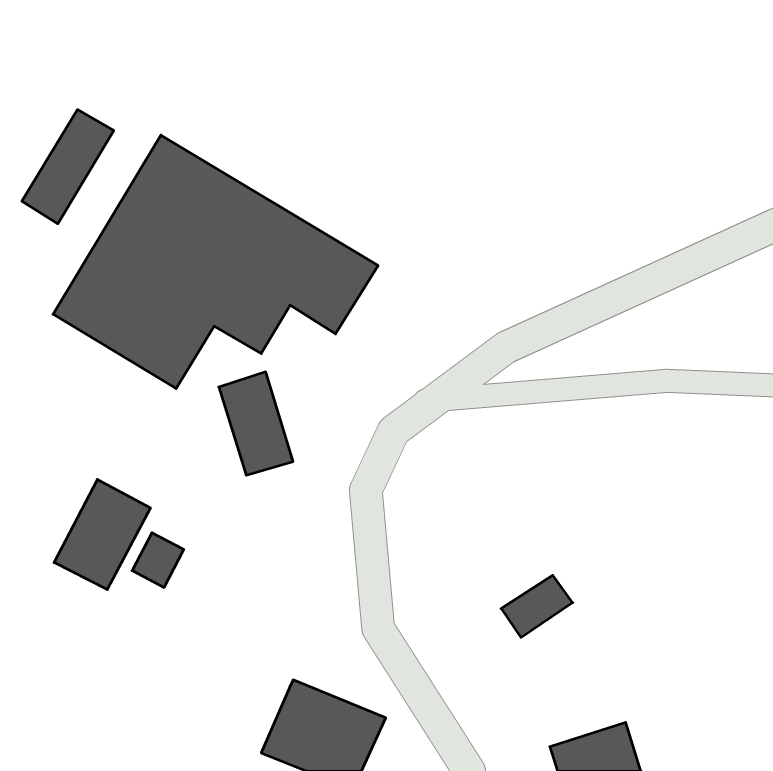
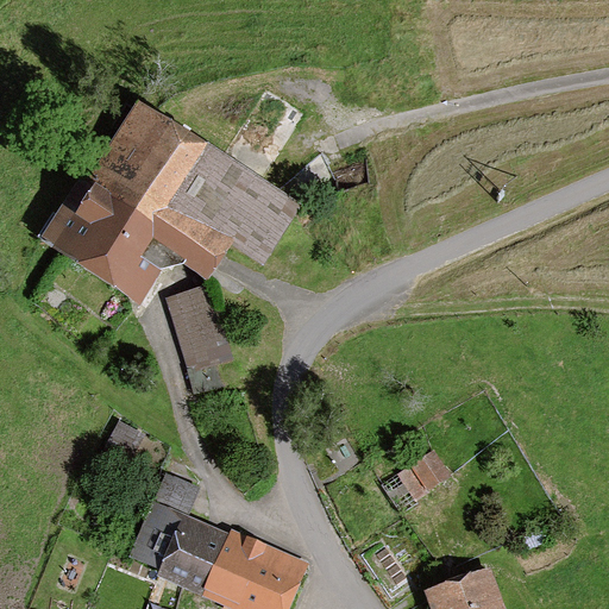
building: [22,110,114,224] -> none
building: [54,479,150,590] -> none
building: none -> [139,478,230,590]

